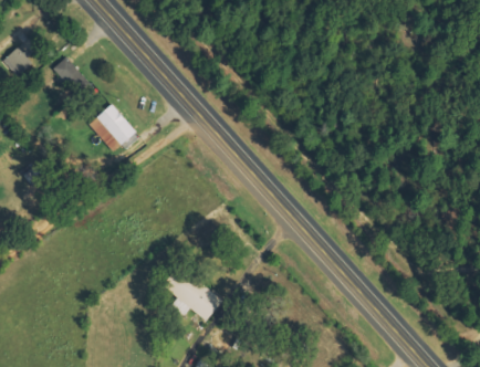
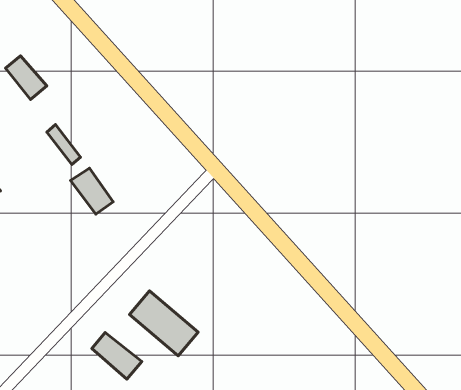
building: [97,105,135,146] -> [71,168,113,214]
building: none -> [92,332,142,379]

